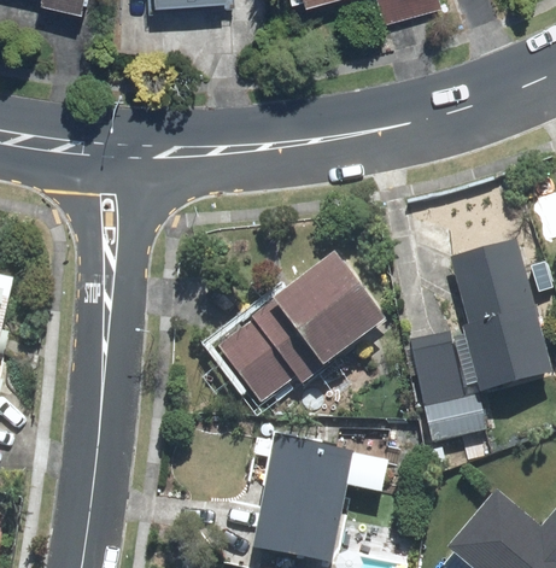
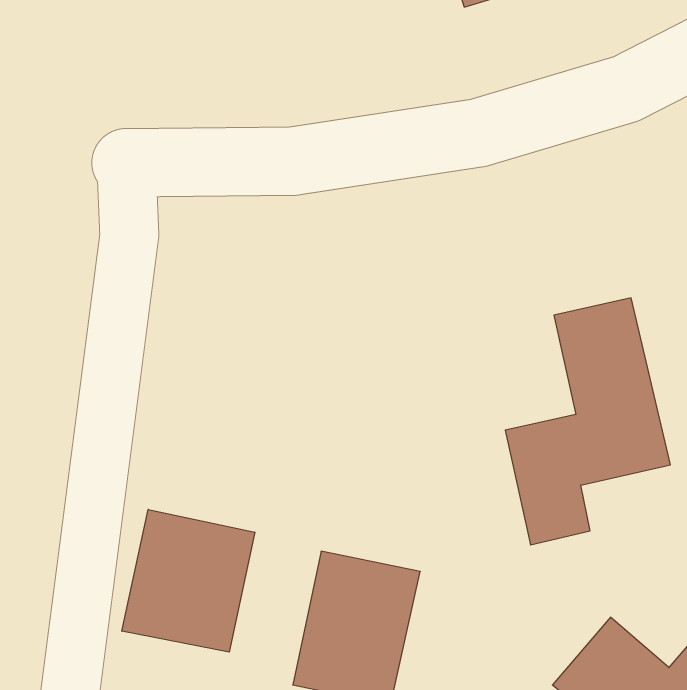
building: [226,262,371,393] -> none
building: none -> [122,509,255,652]

